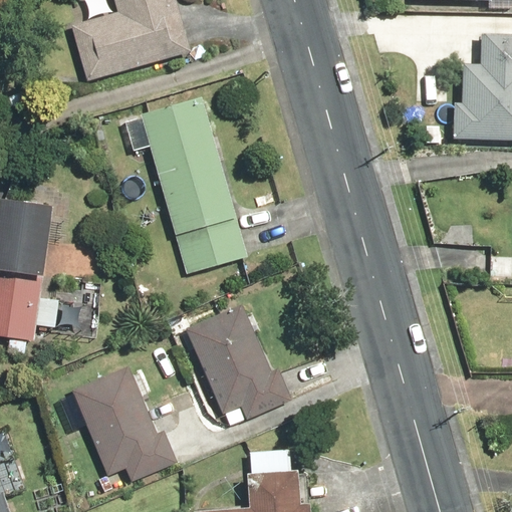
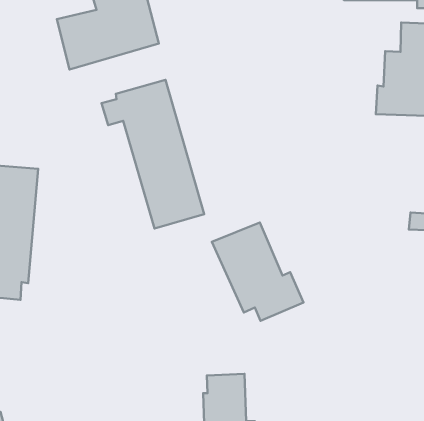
building: [185,304,294,422] -> [212,223,304,321]
building: [74,369,177,480] -> none

